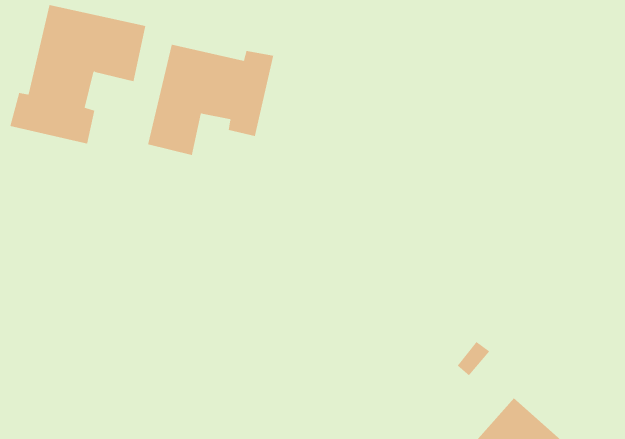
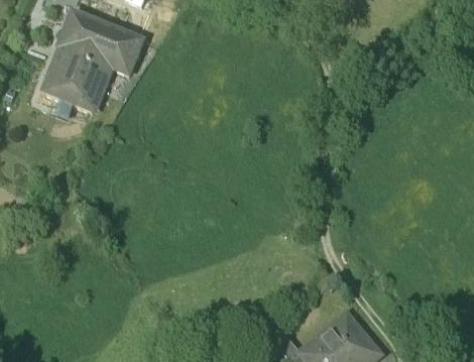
building: [147,44,274,156] -> none

